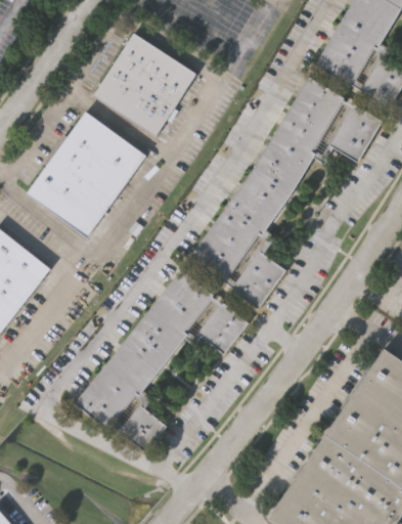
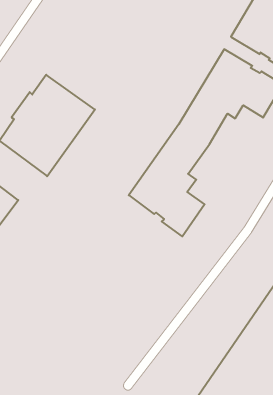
building: [94,32,196,138] -> none
building: [74,269,248,449] -> none

